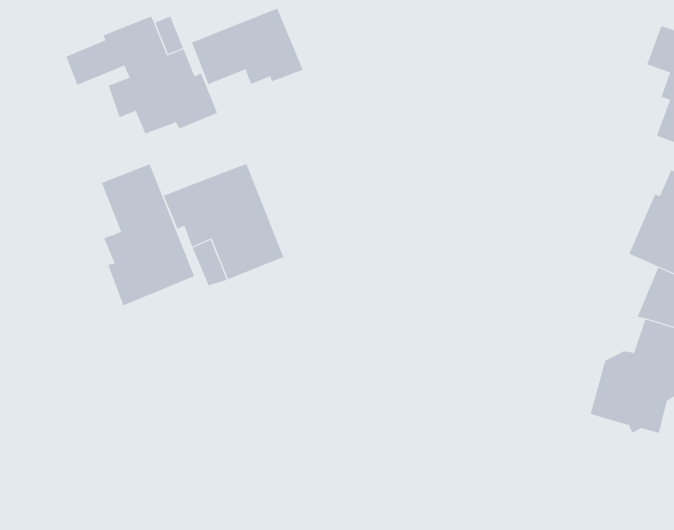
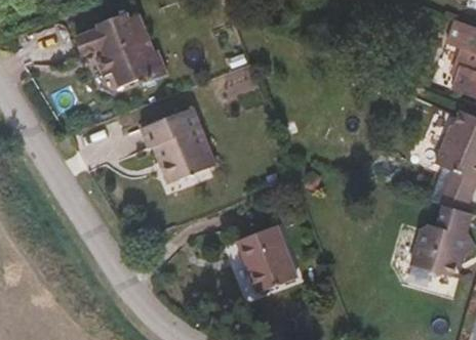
building: [191,8,303,85] -> none
building: [101,163,195,306] -> none
building: none -> [237,225,296,294]

